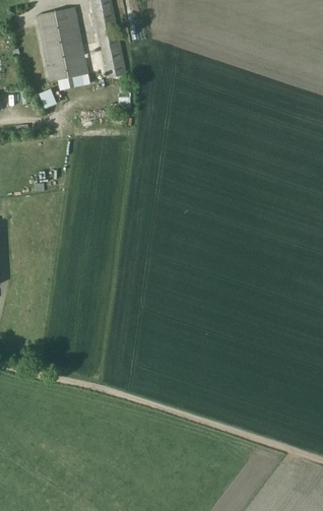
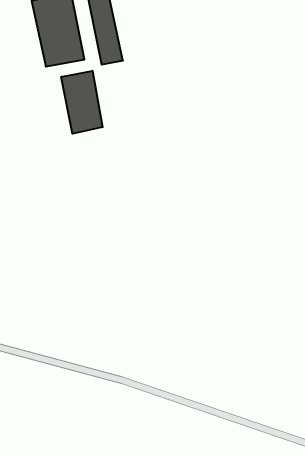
building: none -> [61,71,103,134]

